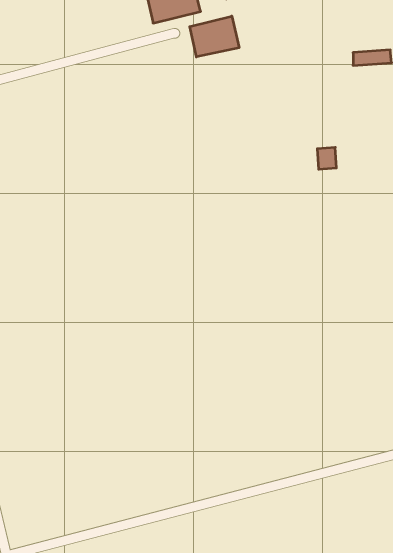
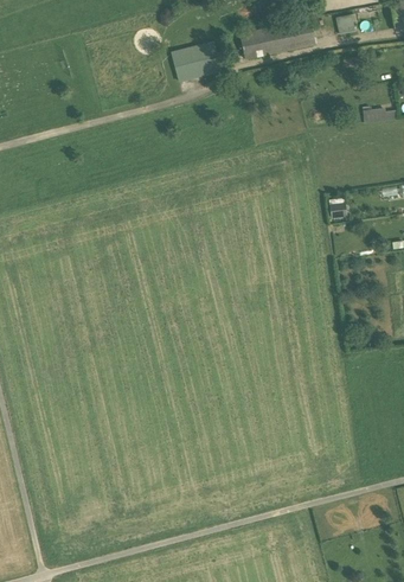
building: [190,16,239,57] -> none

